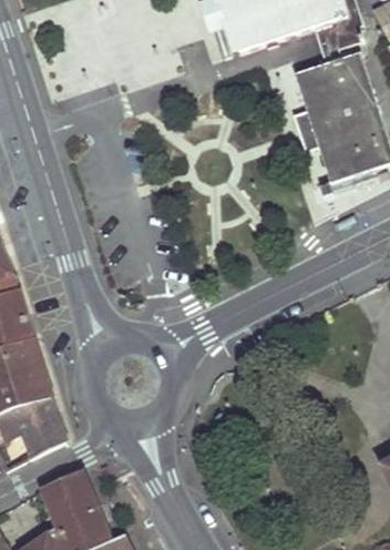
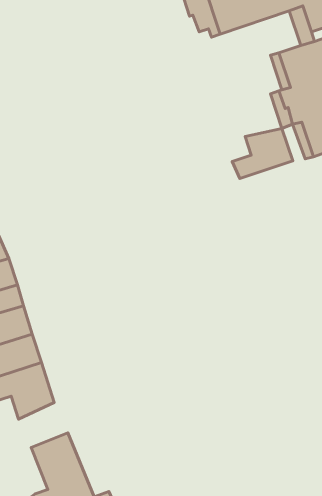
building: none -> [232,129,293,179]

